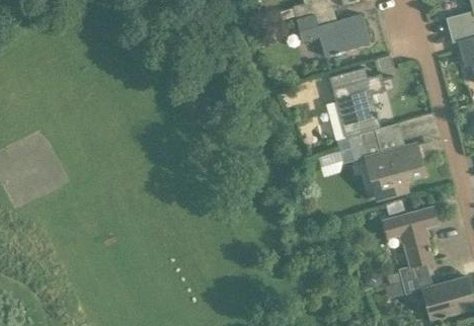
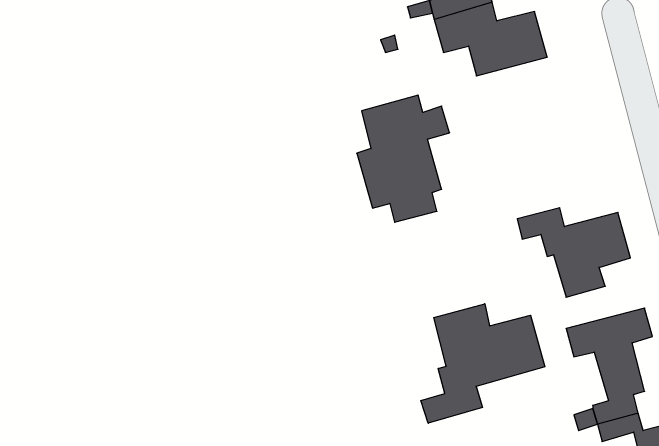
building: [326,67,386,149] -> [357,95,450,222]
building: none -> [421,304,545,423]

